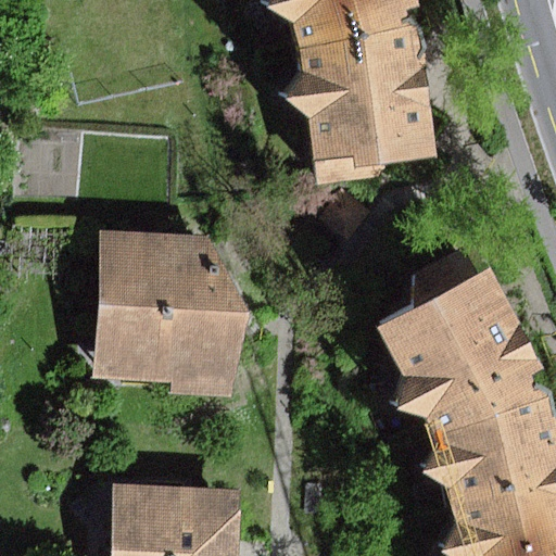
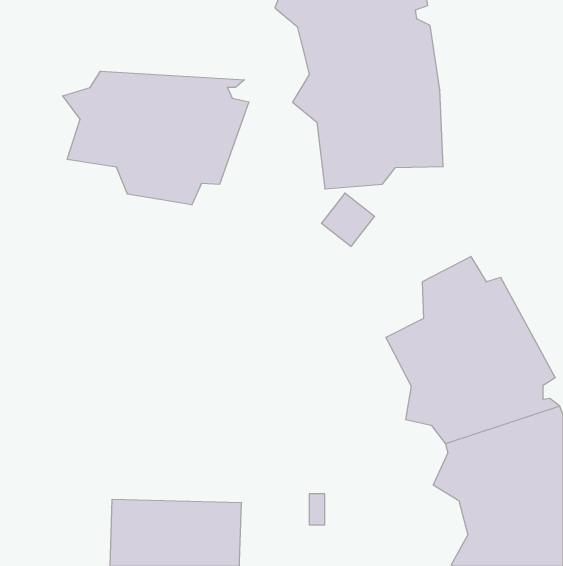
building: none -> [63,71,249,205]
building: [94,231,251,393] -> none

